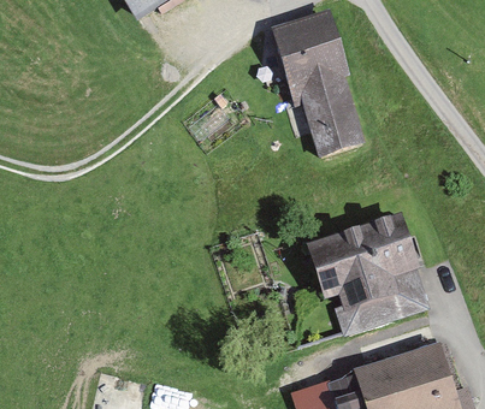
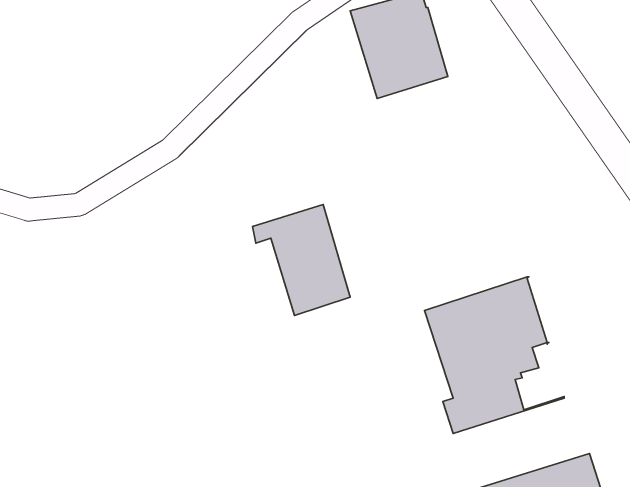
building: [290,75,360,154] -> [252,204,350,316]

